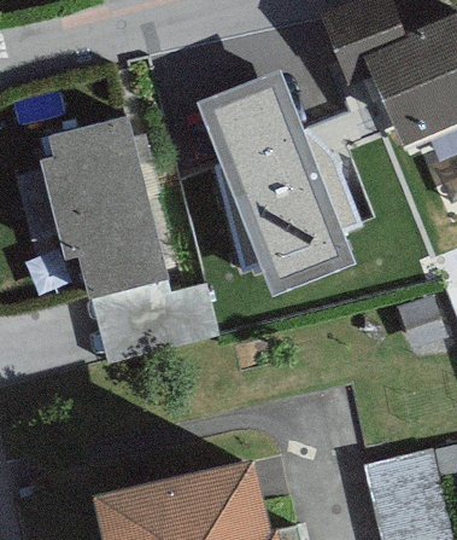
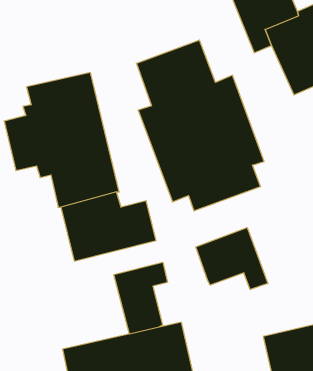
building: none -> [196,228,268,290]
building: none -> [114,262,167,334]

